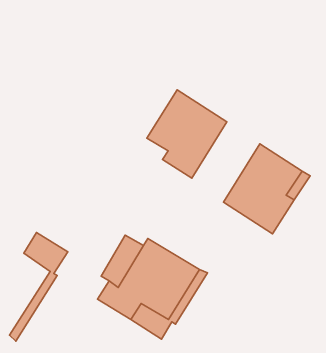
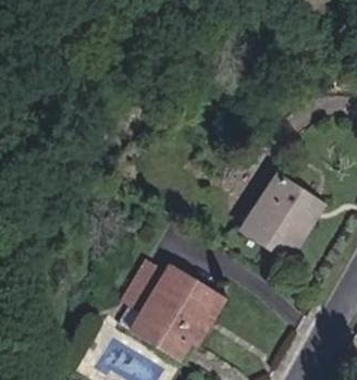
building: [147,90,227,178] -> none
building: [10,232,68,341] -> none

